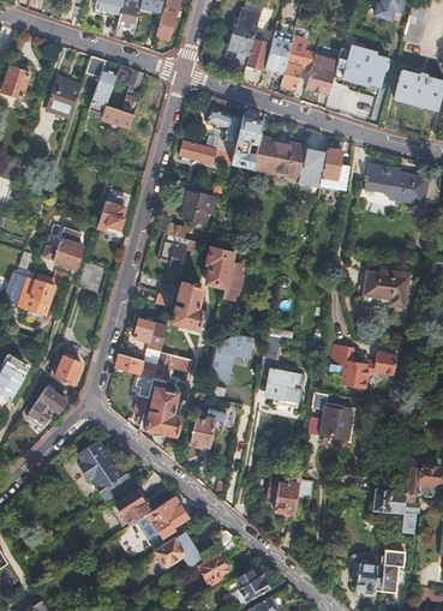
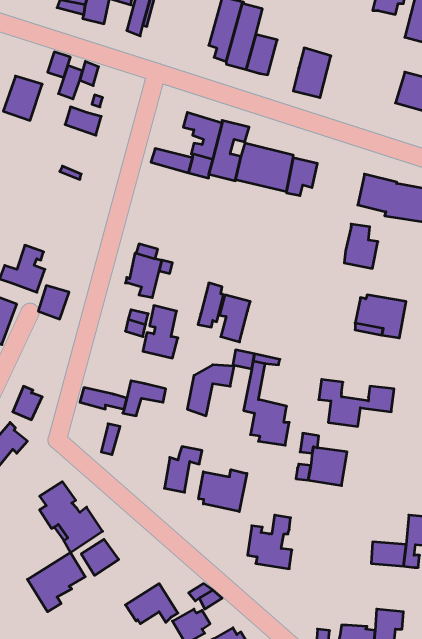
building: [279,43,312,90] -> none
building: [345,48,390,88] -> none
building: [321,151,351,191] -> [344,224,378,268]
building: [179,187,214,222] -> none
building: [95,194,126,233] -> none
building: [204,246,232,288] -> [219,295,250,342]
building: [134,319,166,364] -> none
building: [144,387,179,435] -> none
building: none -> [199,470,247,512]
building: [136,496,187,549] -> [27,553,85,612]

